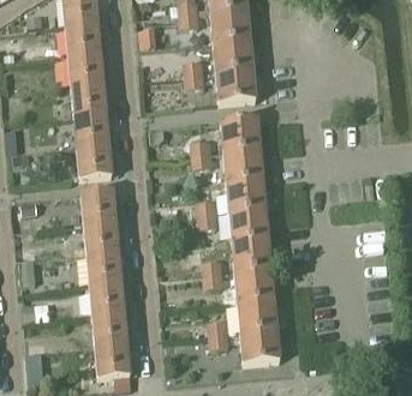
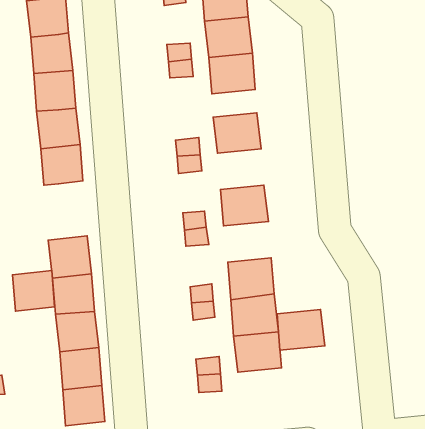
building: [223,148,262,181] -> none
building: [80,190,115,223] -> [13,271,55,311]
building: [228,208,268,241] -> none
building: [240,329,280,362] -> [277,309,325,350]

